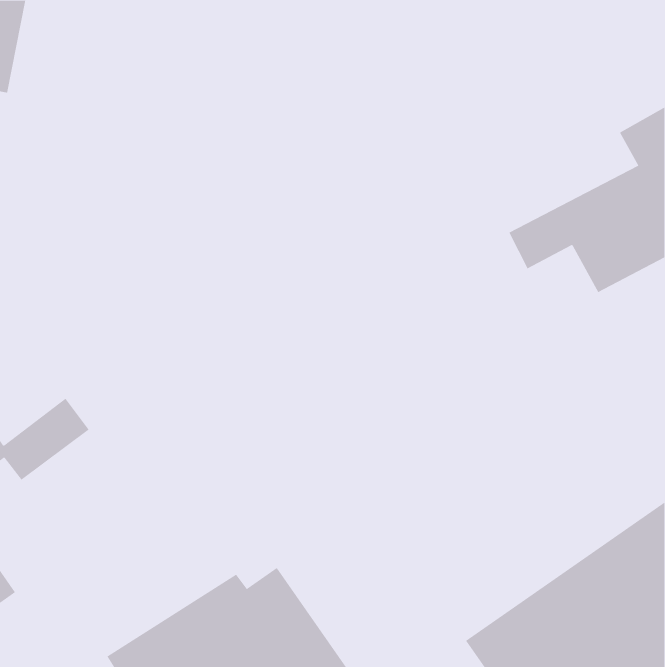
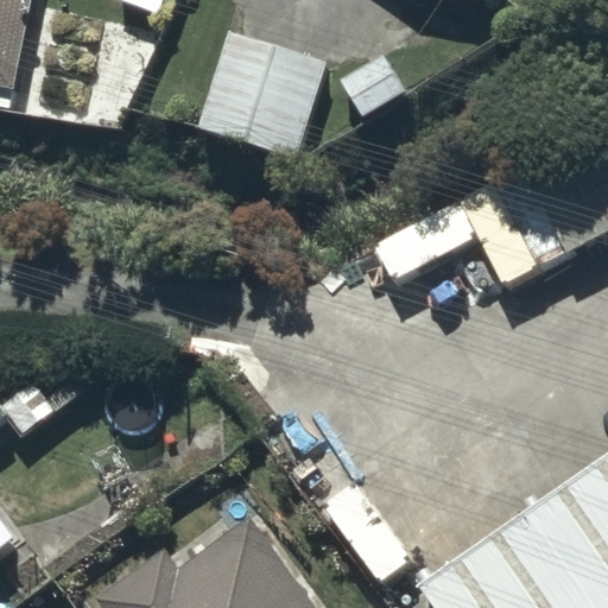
building: none -> [201,33,325,156]

